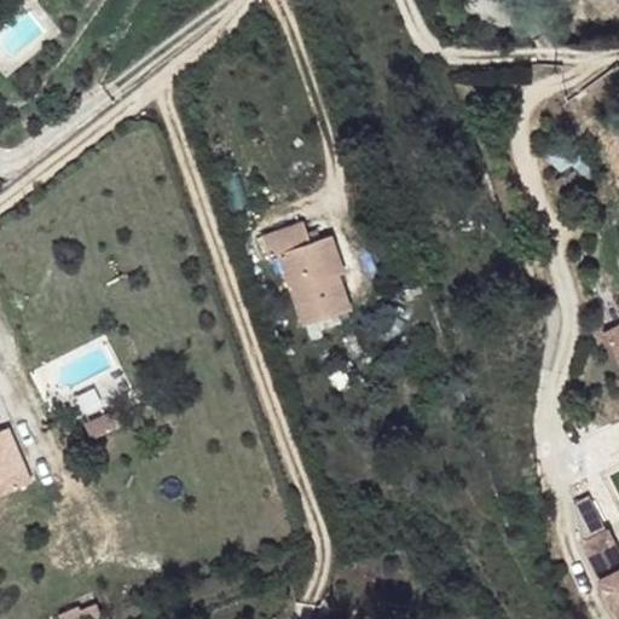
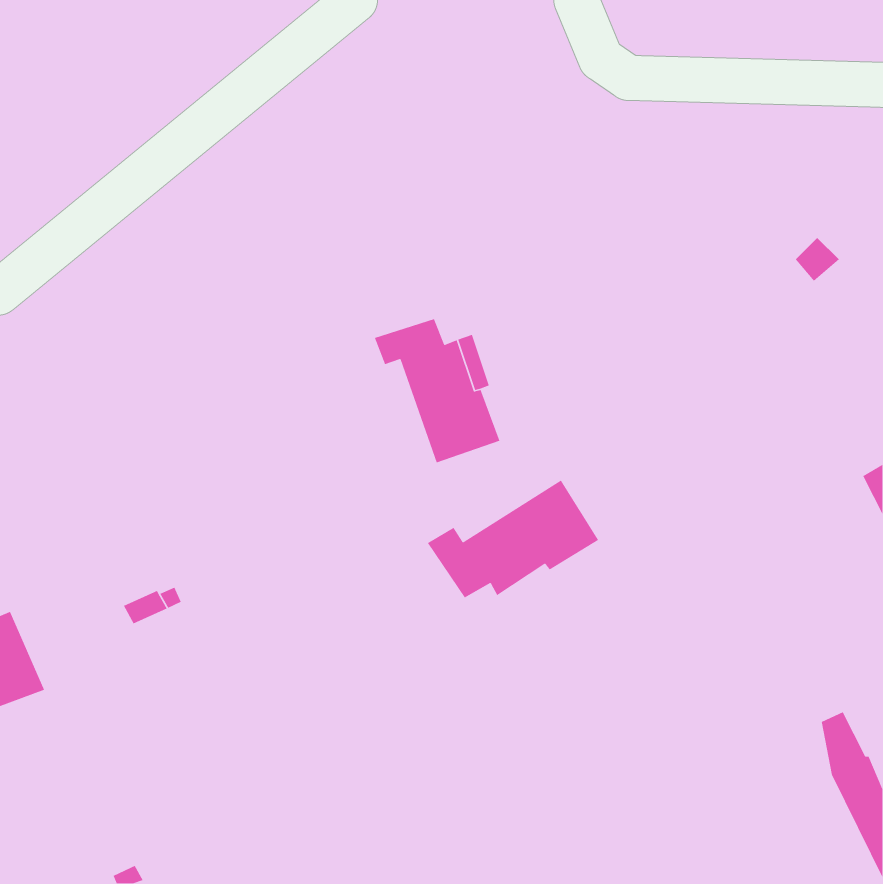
building: none -> [427,480,599,598]

